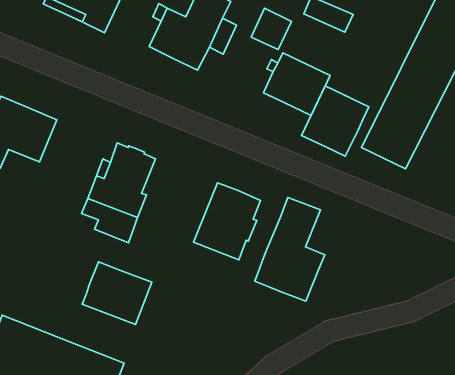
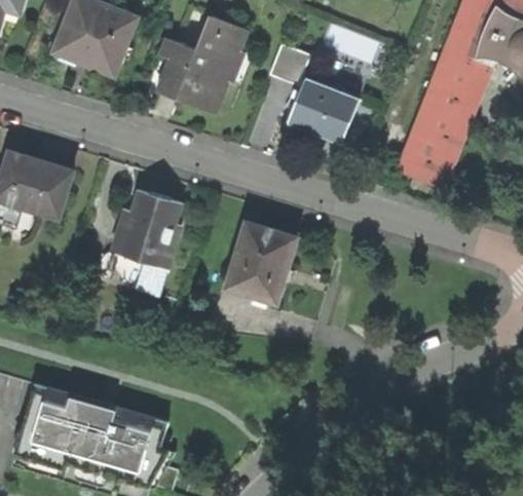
building: [302,86,369,156] -> none
building: [255,197,325,301] -> none
building: [82,262,152,325] -> none

